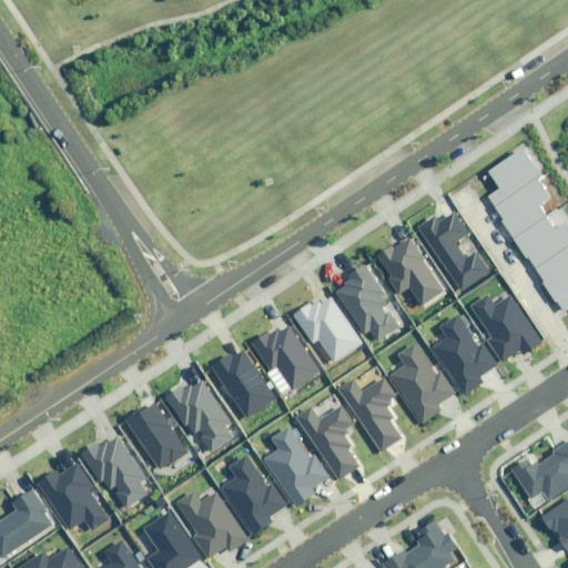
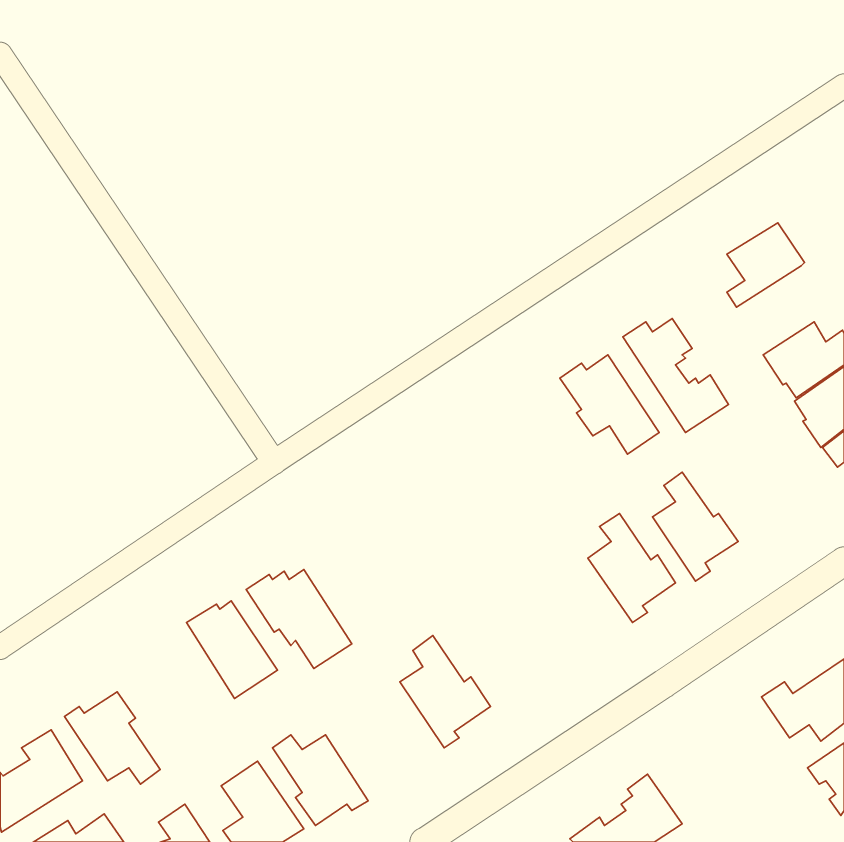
building: [495,179,550,237] -> none
building: [338,265,396,338] -> none
building: [473,290,540,364] -> none
building: [294,296,363,362] -> none
building: [251,326,318,388] -> none
building: [213,347,275,417] -> none
building: [343,377,403,450] -> none
building: [301,406,362,479] -> none
building: [81,437,146,507] -> none
building: [227,458,285,530] -> none

